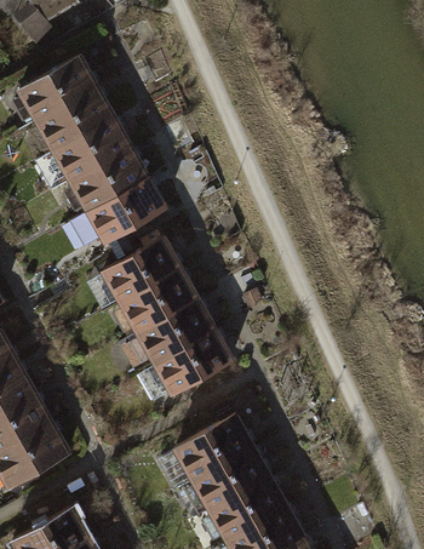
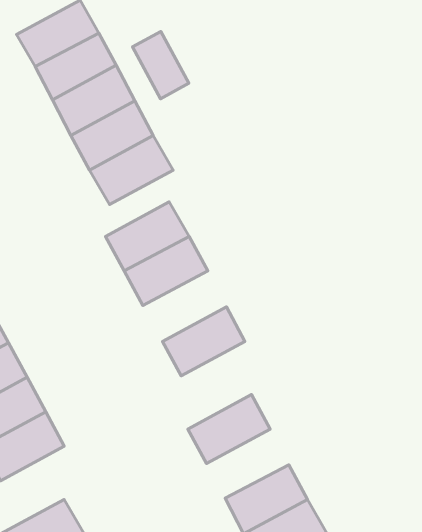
building: none -> [133,32,189,99]
building: [137,302,213,366] -> none
building: [195,446,270,509] -> none

